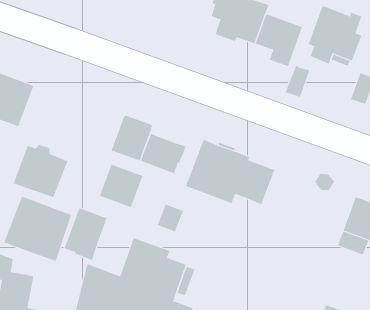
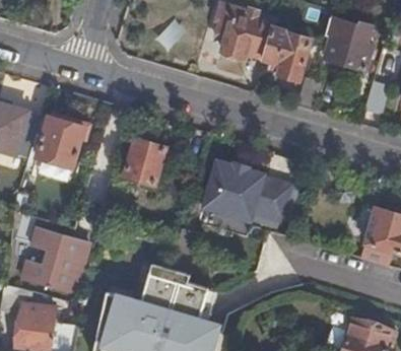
building: [140,133,186,174] -> none
building: [13,144,68,198] -> [29,113,84,166]
building: [99,164,143,208] -> none
building: [64,207,107,261] -> none

